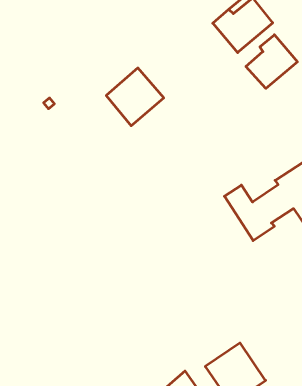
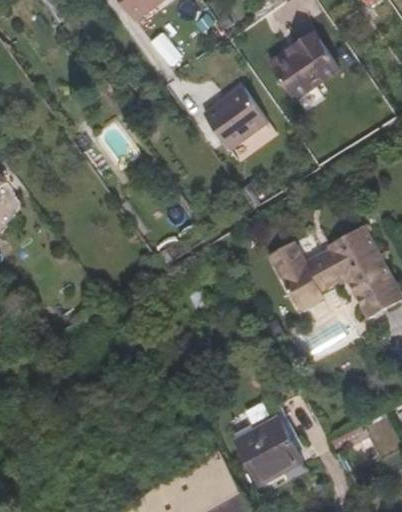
building: [246,35,297,88] -> none
building: [106,68,164,126] -> [205,79,269,143]

